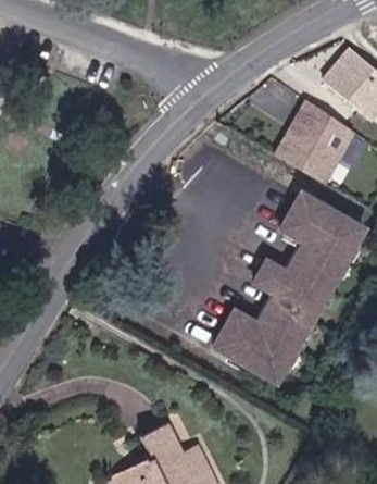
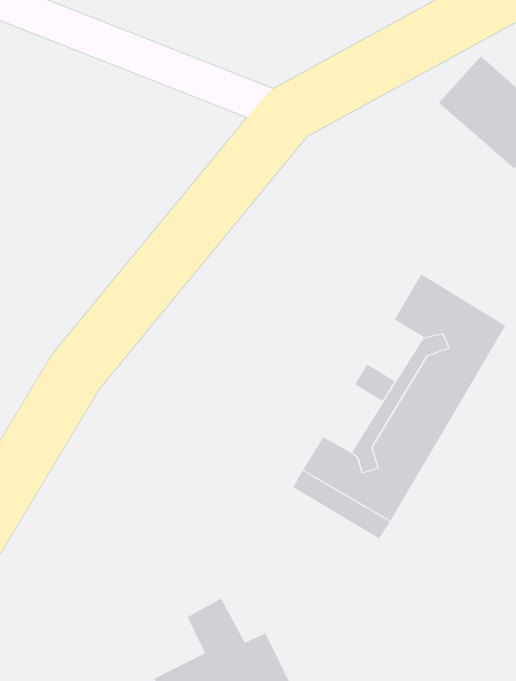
building: [272,102,356,187] -> none

